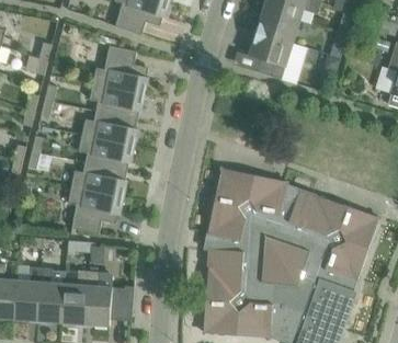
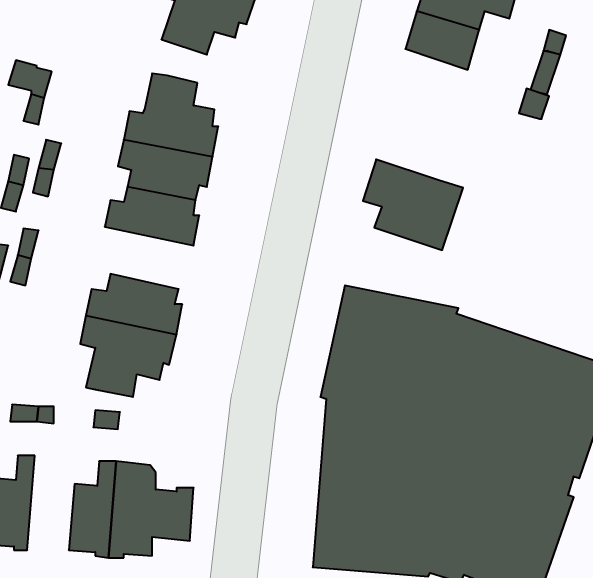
building: [249,32,307,84] -> [363,159,463,250]
building: [79,135,134,171] -> none
building: [37,267,65,323] -> none

